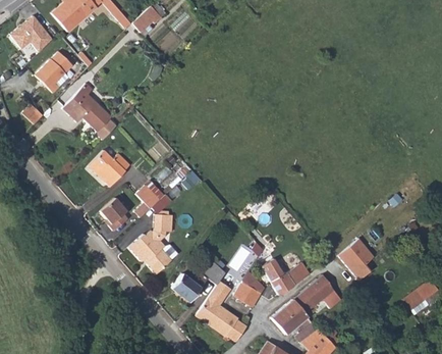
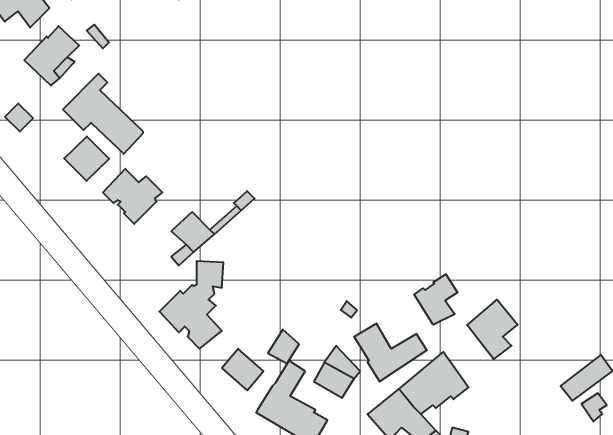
building: none -> [64,136,109,181]
building: [100,197,128,231] -> none
building: none -> [414,274,458,325]

